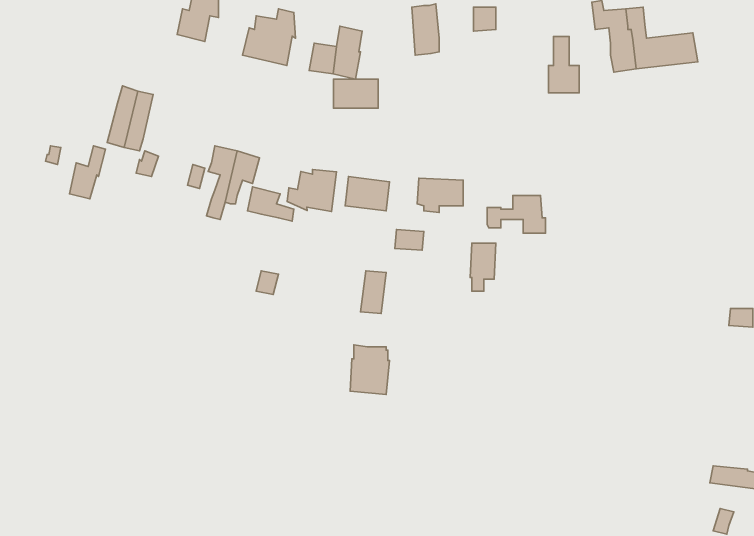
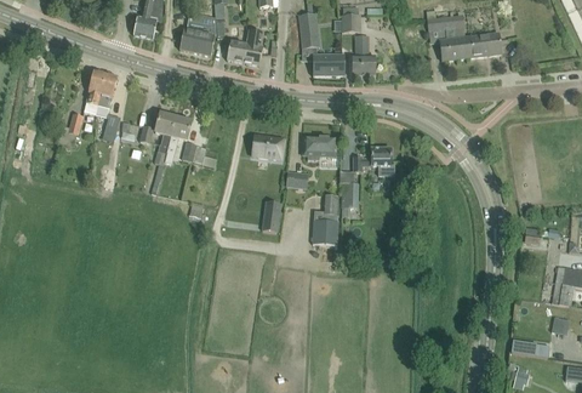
building: [548,36,579,93] -> [353,35,375,75]
building: [333,79,378,108] -> [313,55,344,75]
building: [287,169,337,212] -> none
building: [350,345,390,395] -> [312,210,339,245]

